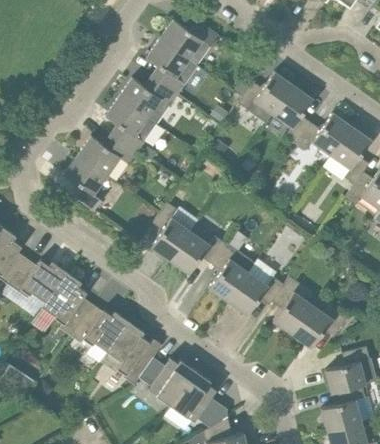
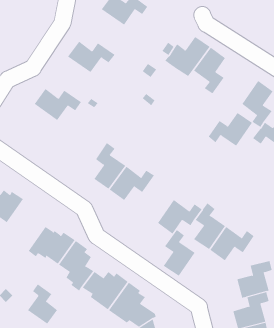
building: [147,39,189,95] -> none
building: [106,97,148,153] -> none
building: [297,113,352,155] -> [208,112,253,146]
building: [64,155,107,211] -> none
building: [209,243,249,301] -> [163,229,195,276]
building: [42,272,92,335] -> none
building: none -> [27,283,58,325]

